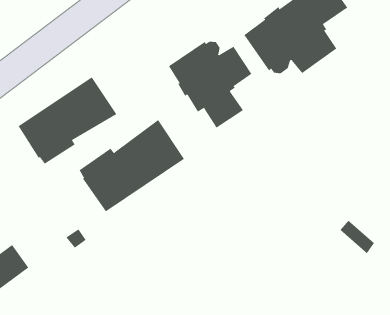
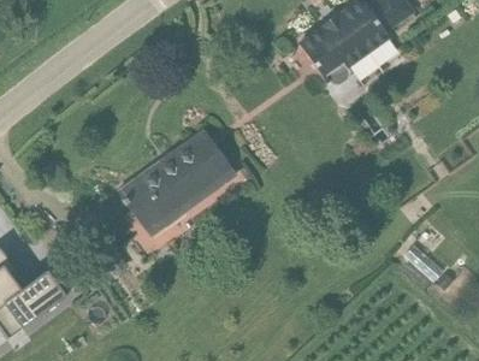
building: [168,41,252,129] -> none
building: [18,76,117,165] -> none

